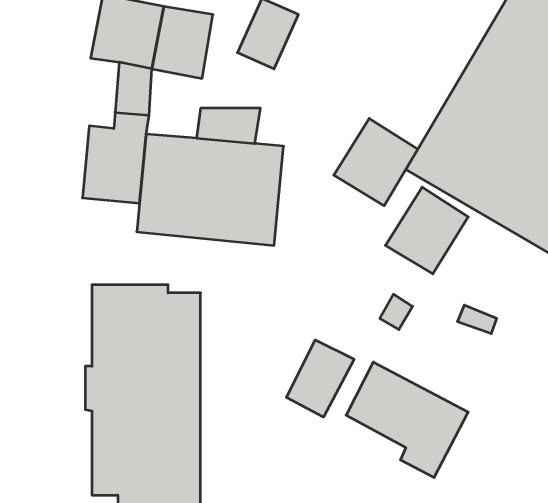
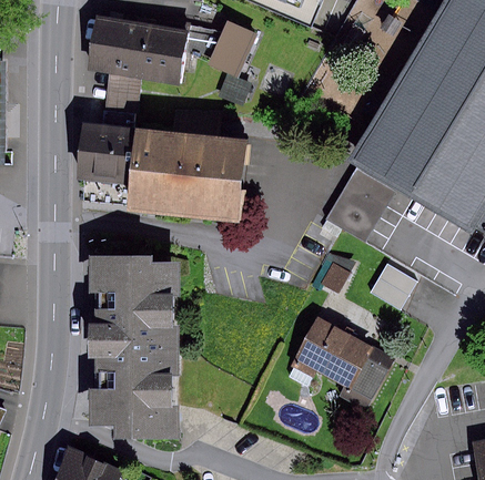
building: [334,118,418,206] -> none
building: [286,340,354,417] -> none

